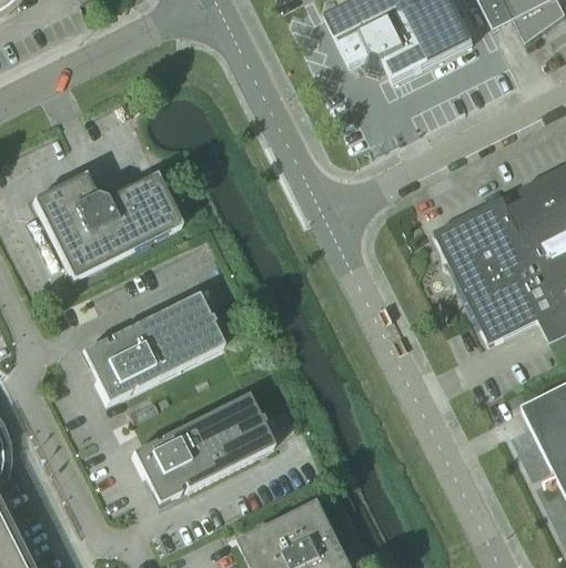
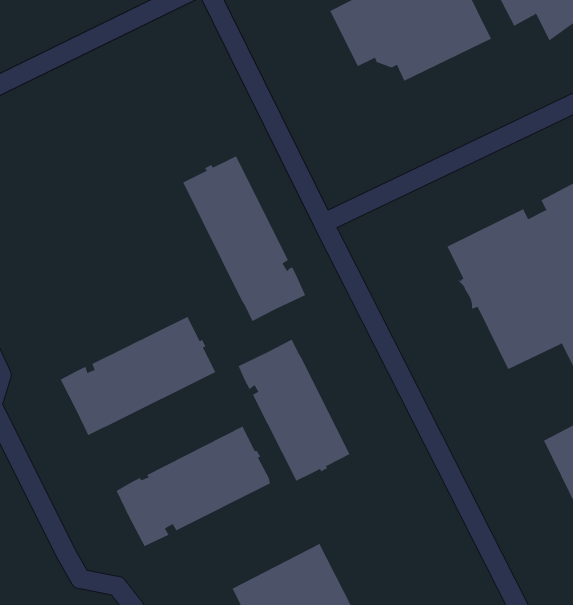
building: none -> [183,155,306,322]
building: [33,173,181,277] -> none
building: none -> [238,339,350,482]

